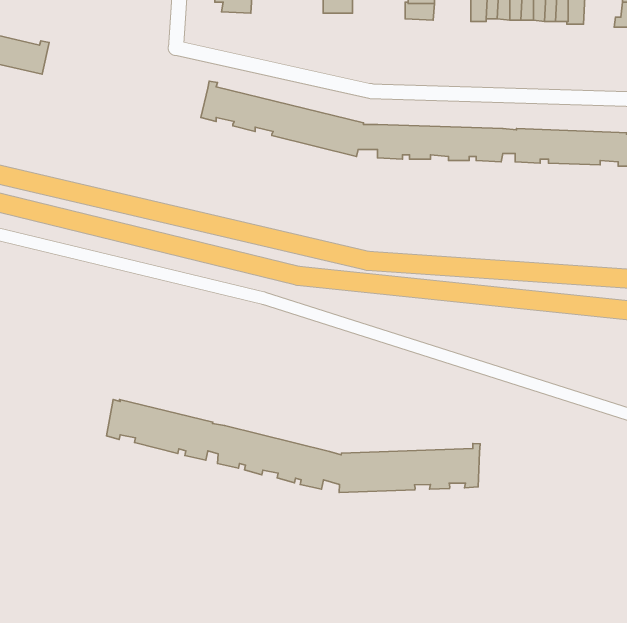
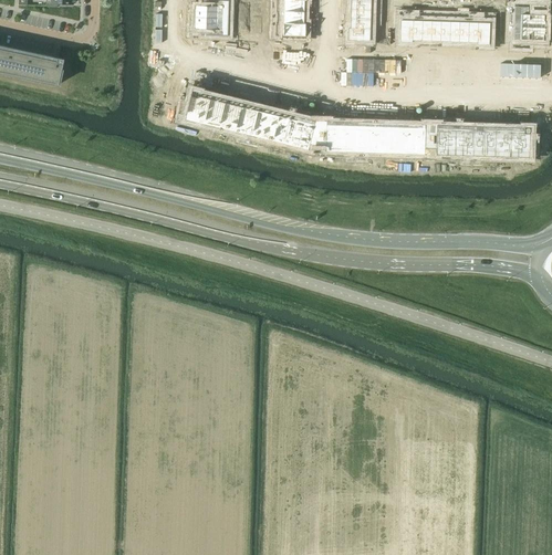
building: [107,399,480,493] -> none

